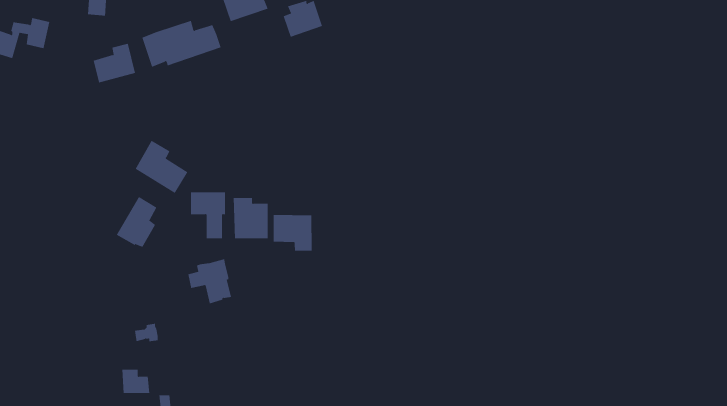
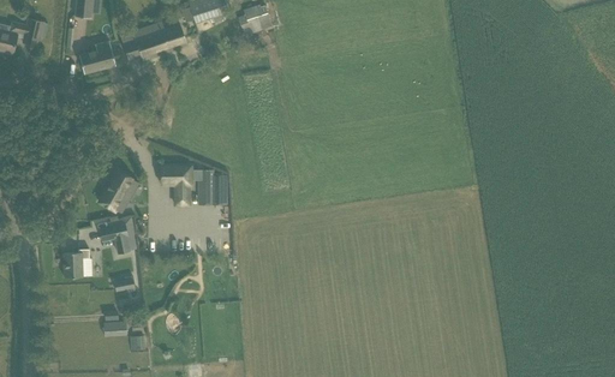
building: [135,140,188,194] -> none
building: [273,214,312,252] -> none
building: [188,258,232,304] -> [100,215,137,253]
building: none -> [62,247,89,276]

